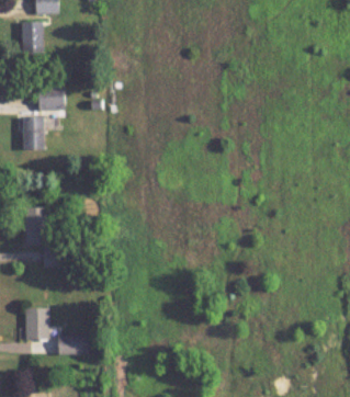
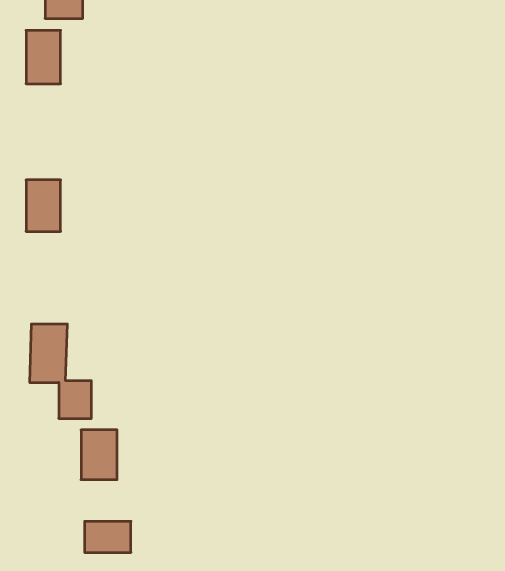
building: [37,84,65,109] -> none
building: [25,308,48,340] -> [81,430,117,480]

